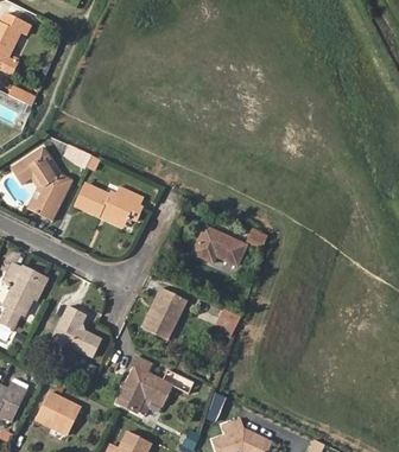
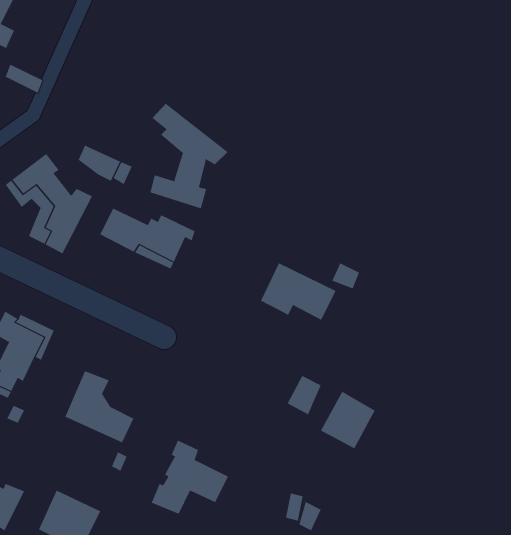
building: none -> [150,103,228,209]
building: [145,288,185,340] -> none
building: none -> [320,391,375,449]

